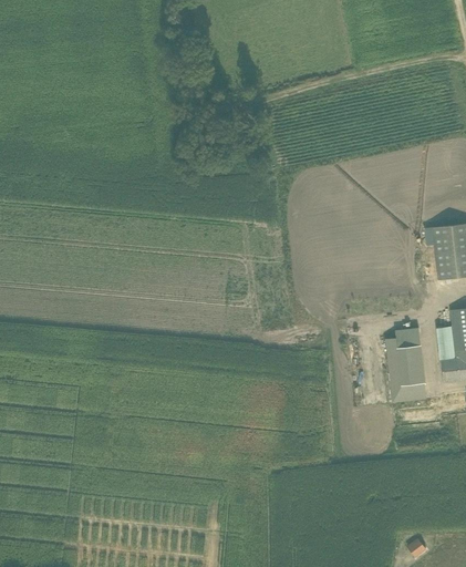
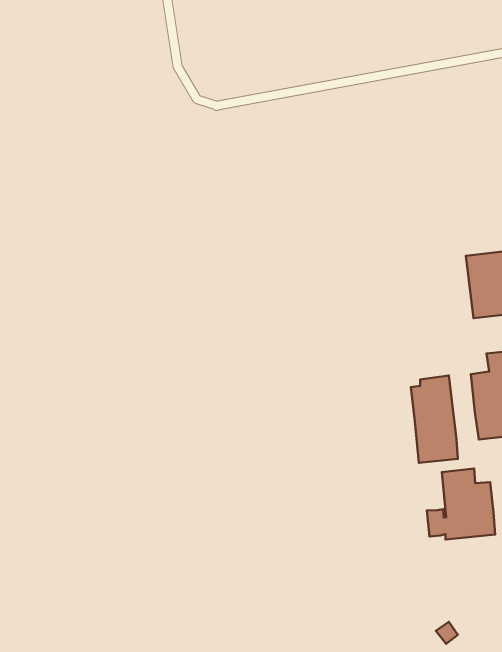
building: none -> [427,468,495,540]

